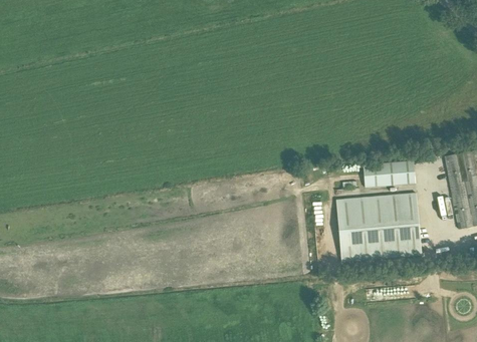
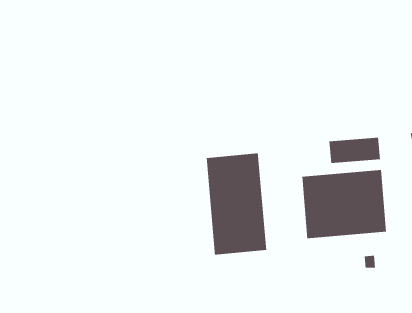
building: none -> [206,153,267,256]

